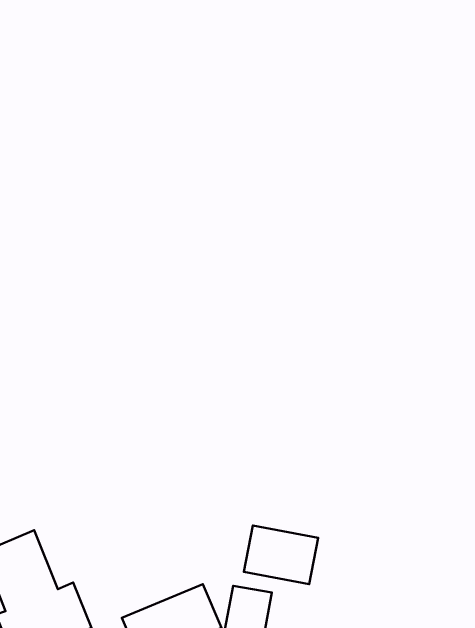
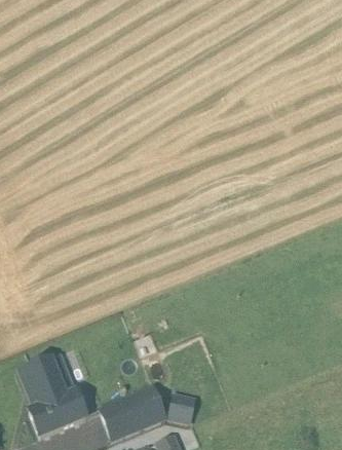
building: [244,526,318,584] -> none

